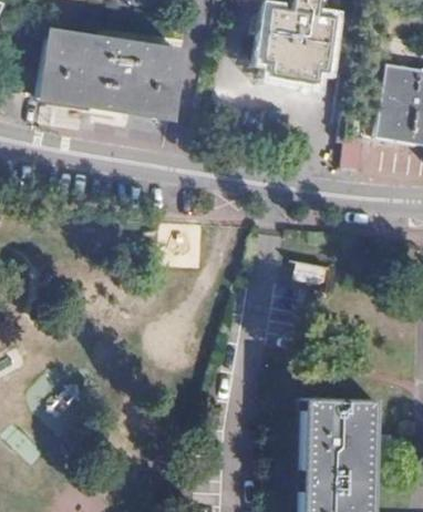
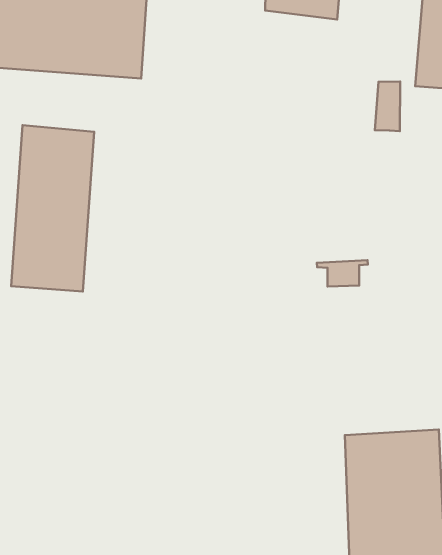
building: none -> [11,125,94,291]

